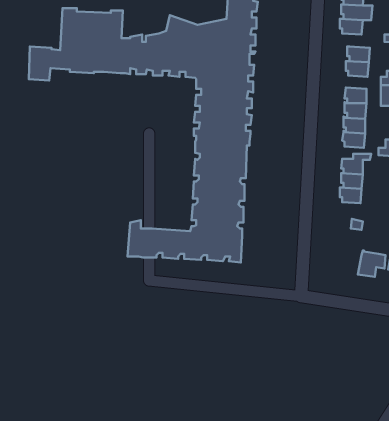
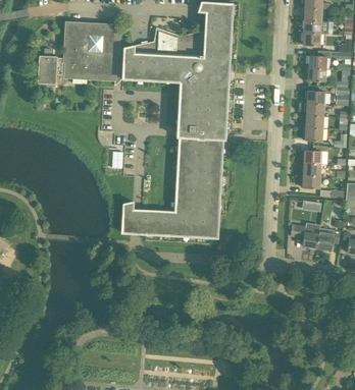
building: none -> [290,225,319,248]

